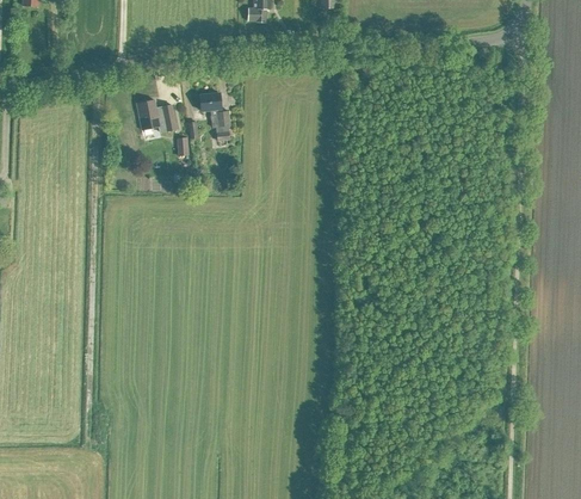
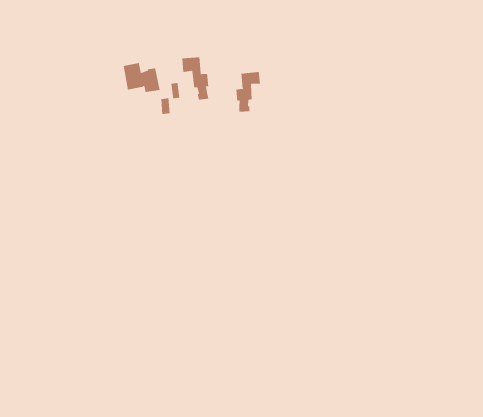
building: none -> [236,71,260,112]

